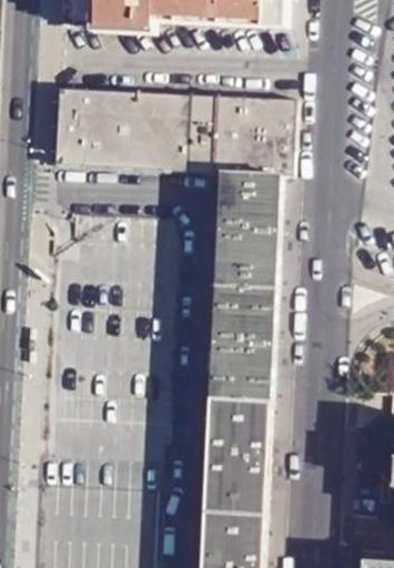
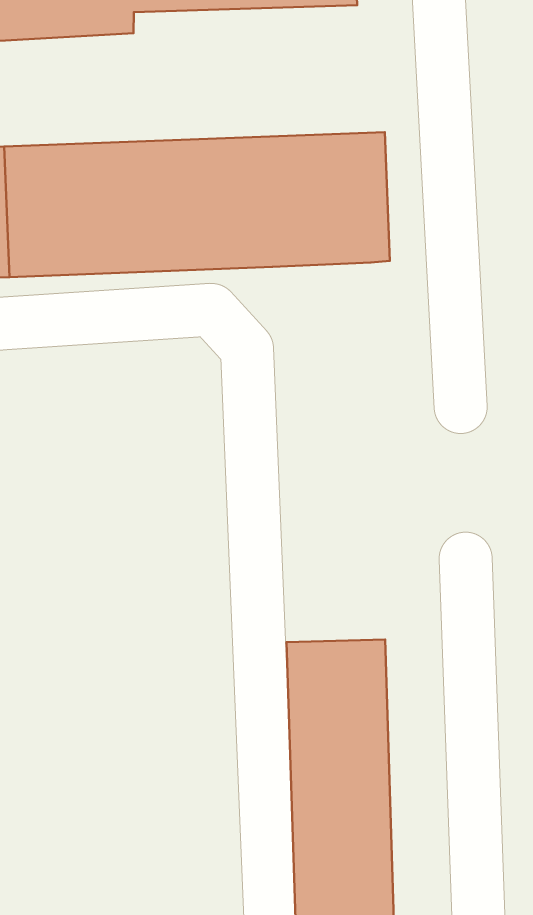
building: [211,172,279,395] -> none

